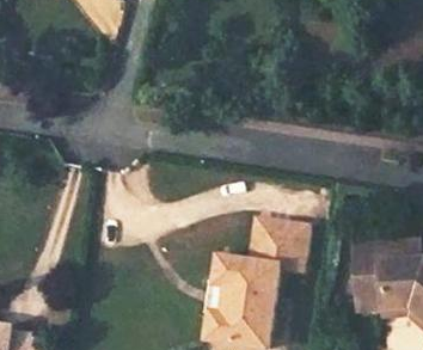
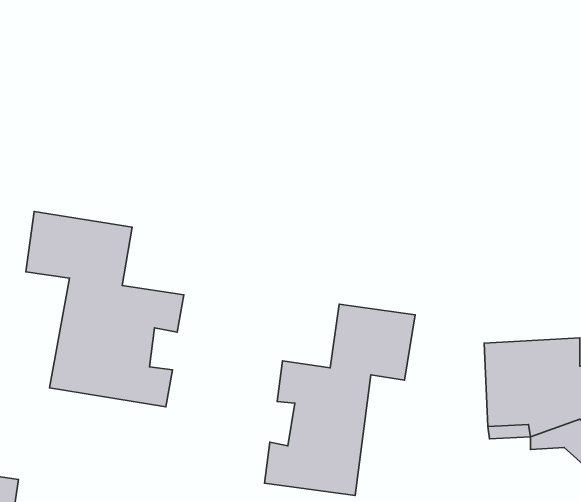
building: none -> [26,211,184,407]

